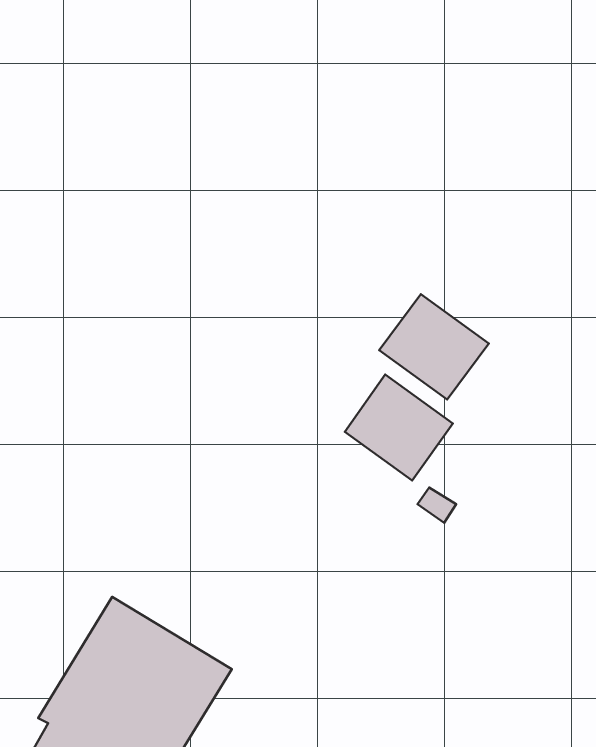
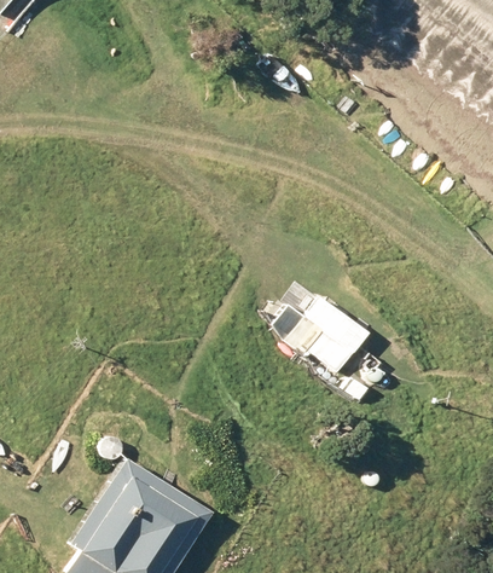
building: [379,294,489,400] -> none

